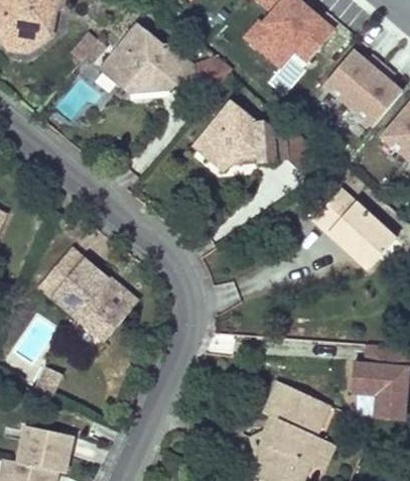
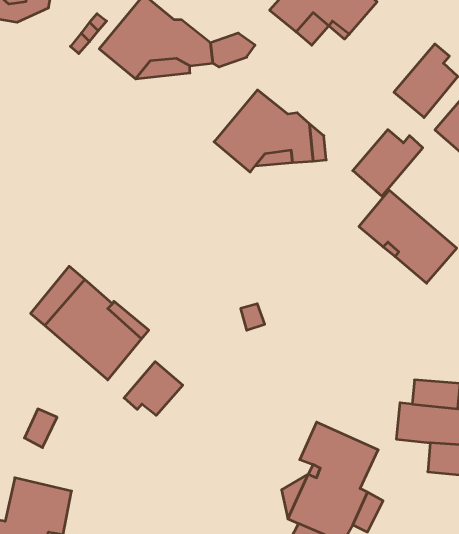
building: [320,48,379,104] -> [353,130,423,196]
building: none -> [124,362,183,415]

